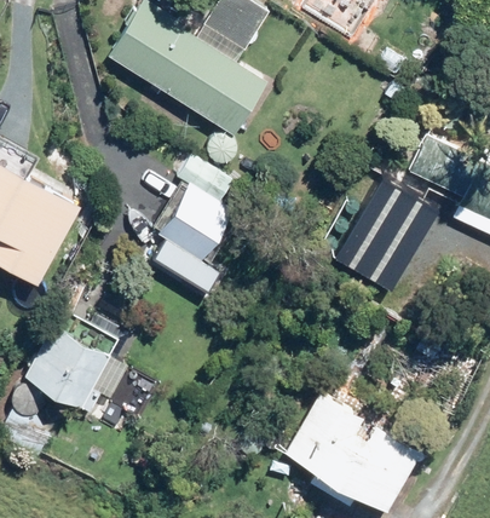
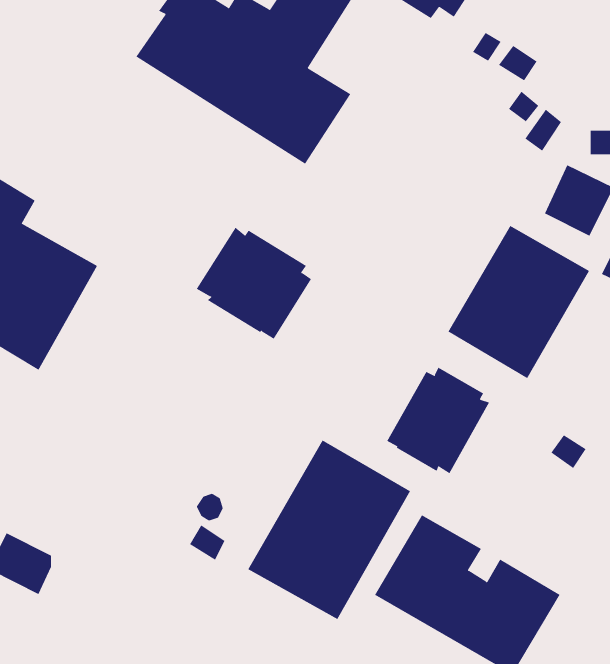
building: none -> [386,367,490,474]
building: [25,307,117,411] -> none
building: none -> [248,440,411,620]

